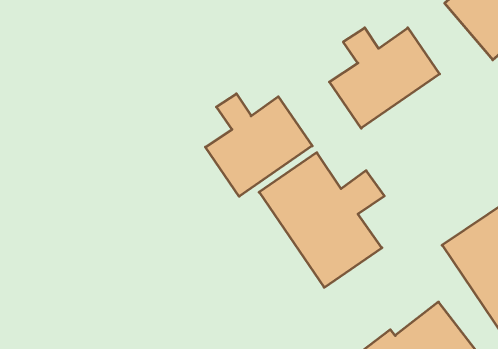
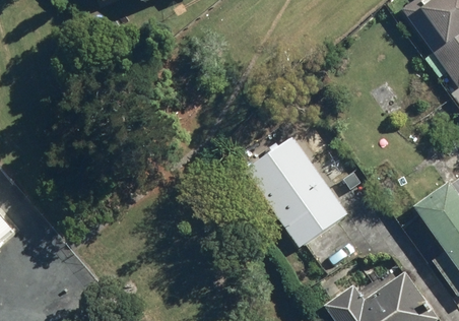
building: [329,28,440,128] -> none
building: [205,94,312,196] -> none

